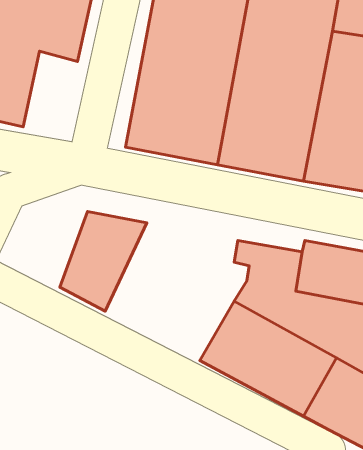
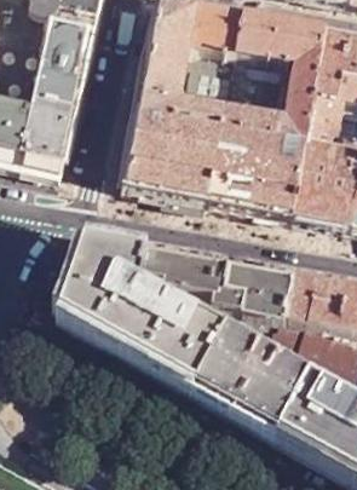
building: none -> [24,87,76,167]
building: none -> [103,252,241,384]

